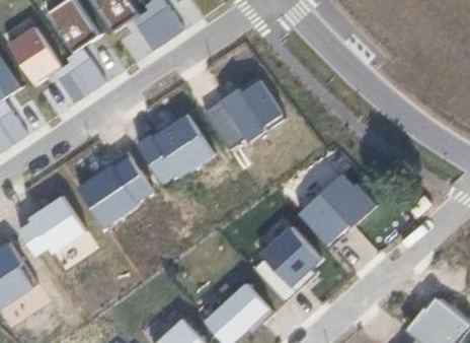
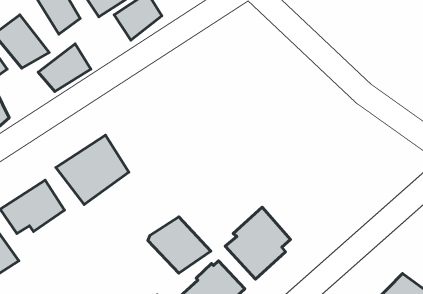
building: [205,75,280,150] -> none
building: [137,112,214,184] -> none
building: [295,170,369,243] -> none
building: none -> [148,217,211,273]

